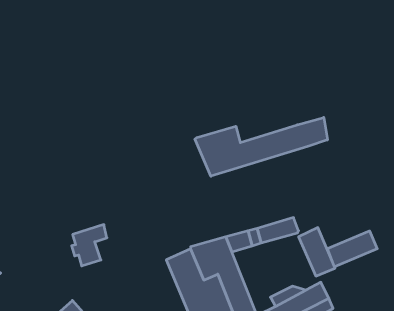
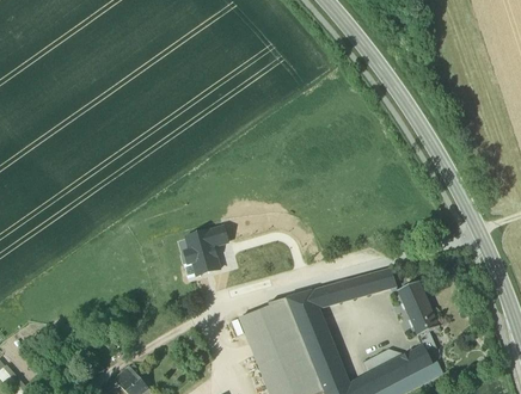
building: [195,117,327,176] -> none
building: [72,225,107,266] -> [184,226,226,275]
building: [328,231,377,267] -> none

